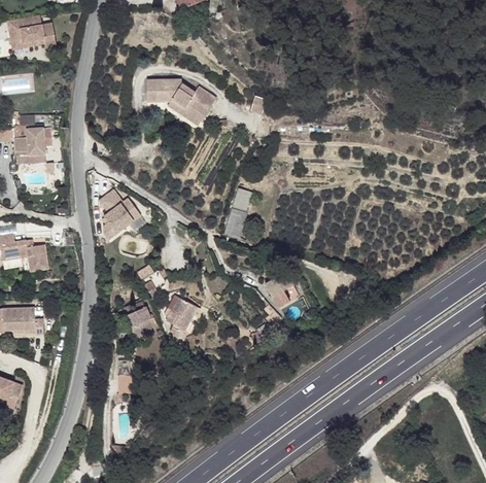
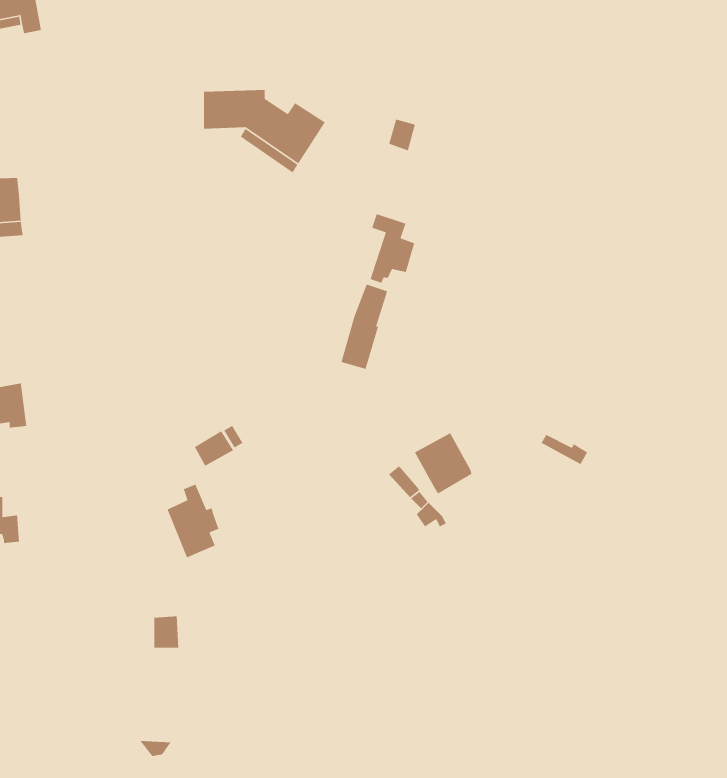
building: none -> [370,213,415,284]
building: [100,189,140,238] -> none
building: [163,295,200,343] -> none

